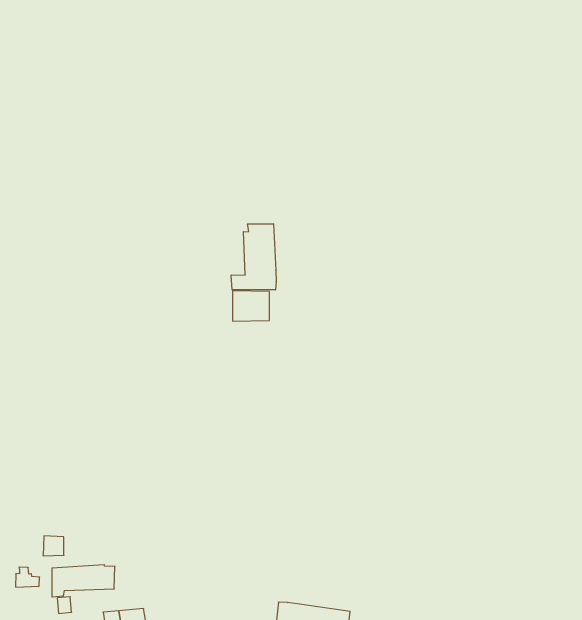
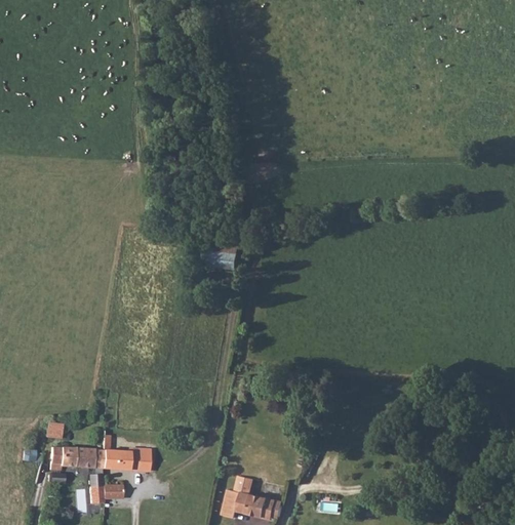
building: [231,224,276,290] -> none
building: none -> [100,450,138,471]

